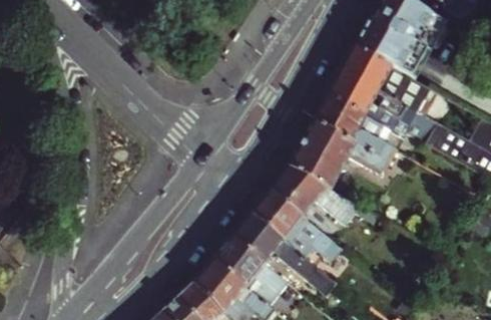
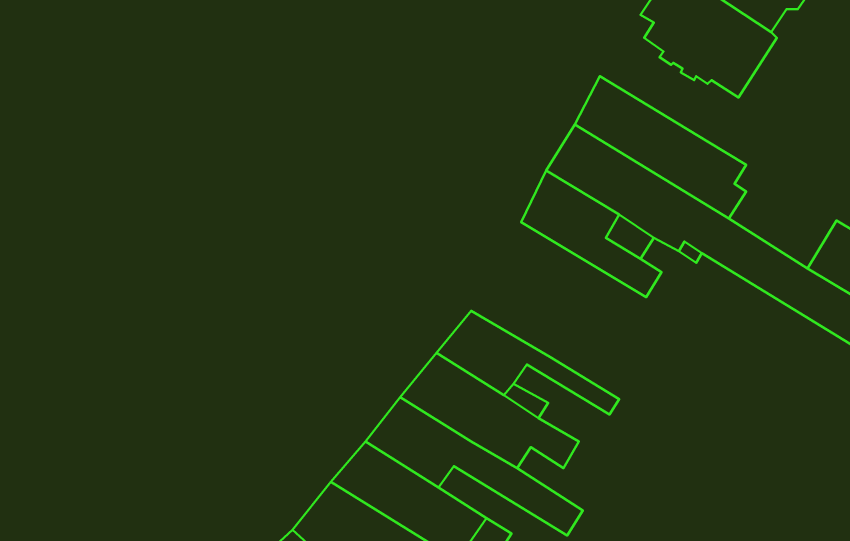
building: [355,13,427,79] -> none
building: [288,121,396,192] -> none

